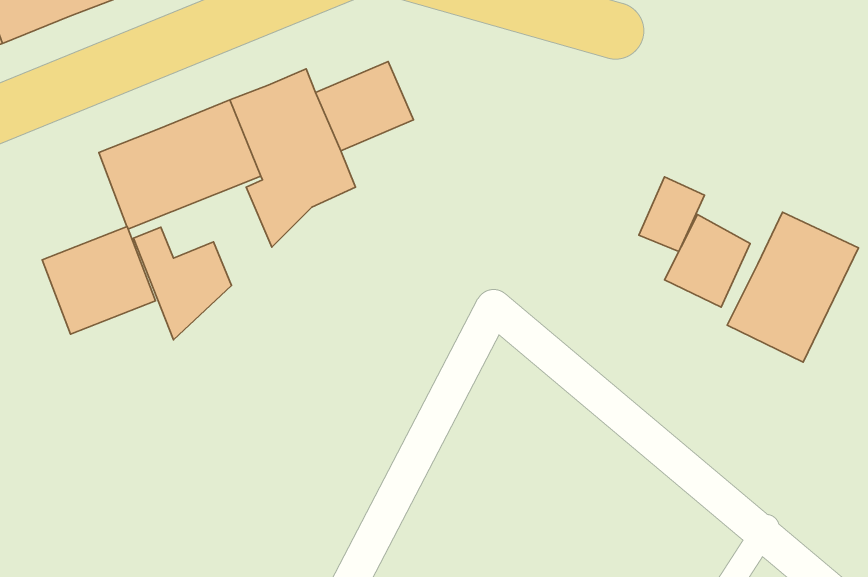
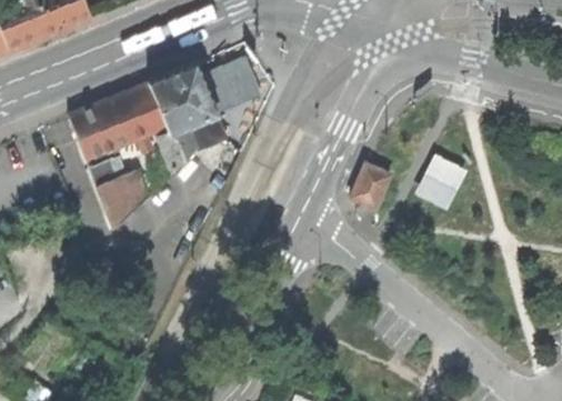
building: [639,177,704,251] -> [351,163,391,209]
building: [727,212,859,362] -> none
building: [42,227,155,334] -> none

